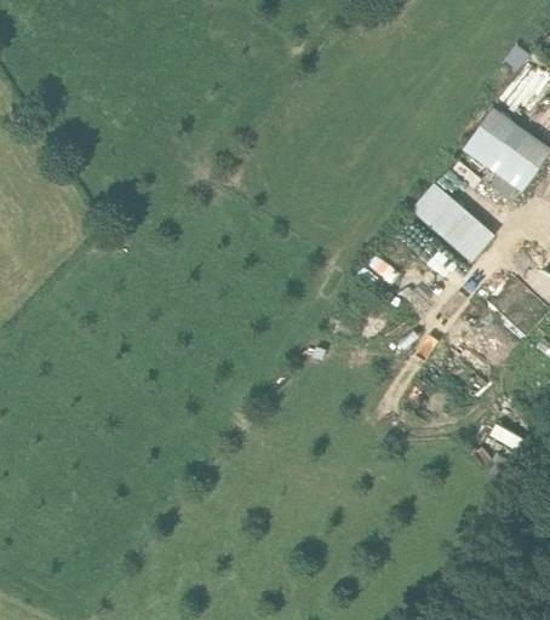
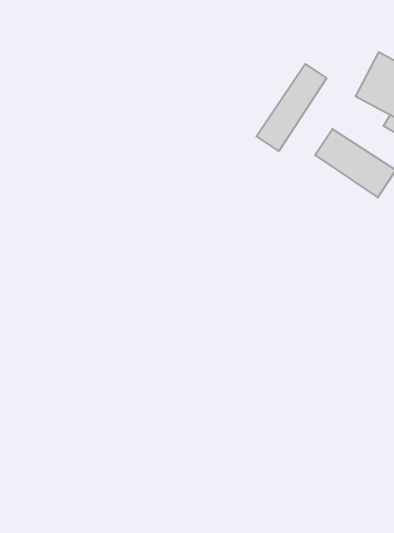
building: none -> [256,64,326,151]

